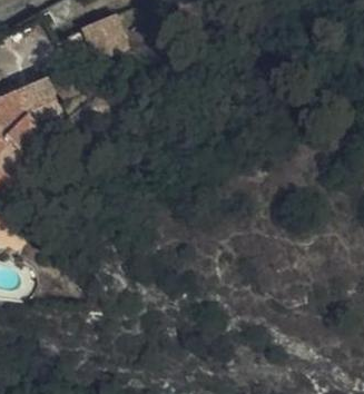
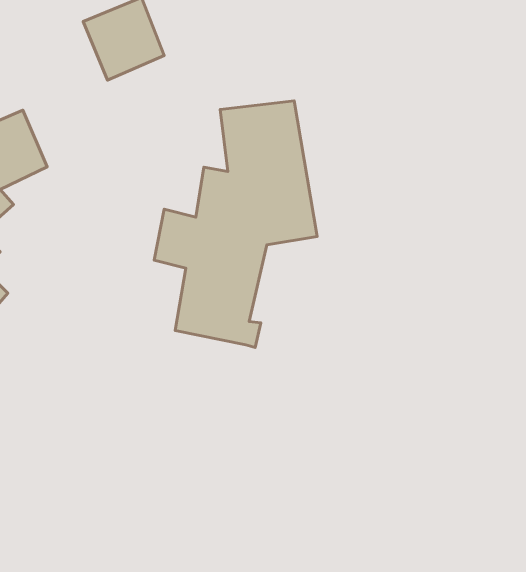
building: none -> [154,101,317,347]

